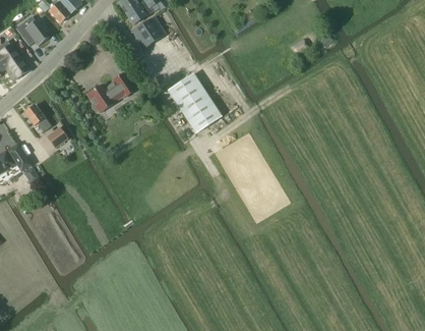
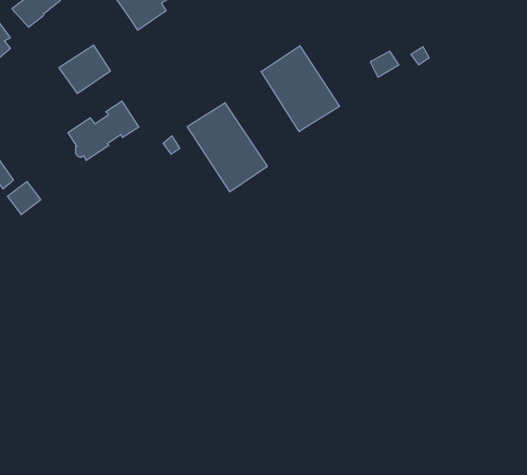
building: [130,14,165,47] -> [59,45,110,93]
building: none -> [261,46,339,132]

